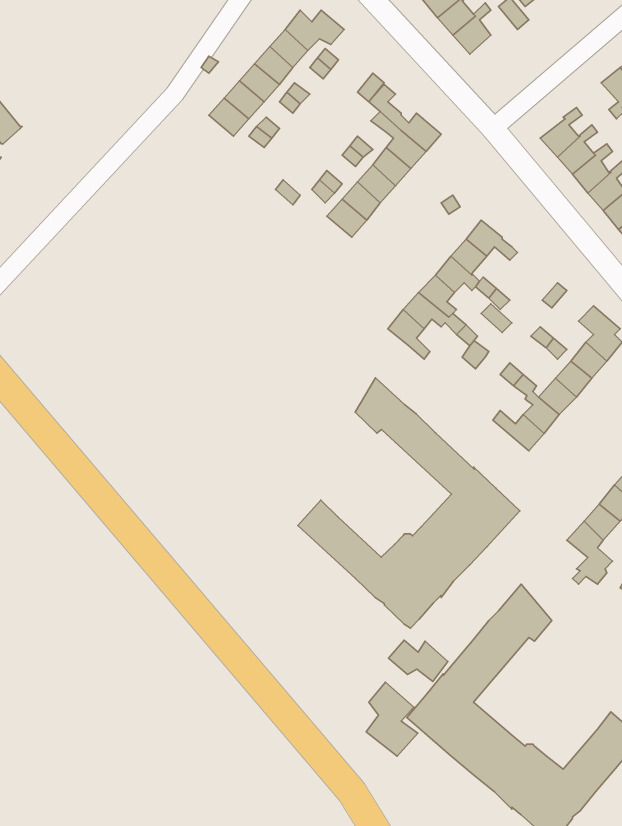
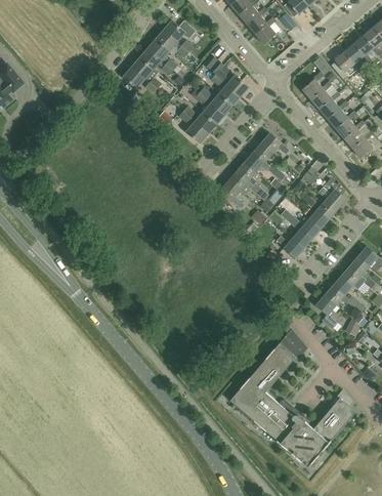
building: [298,378,520,628] -> none
building: [388,640,448,681] -> none
building: [366,682,418,756] -> none

